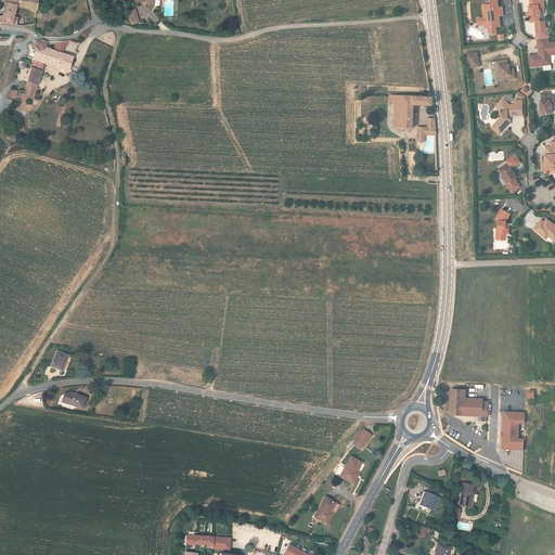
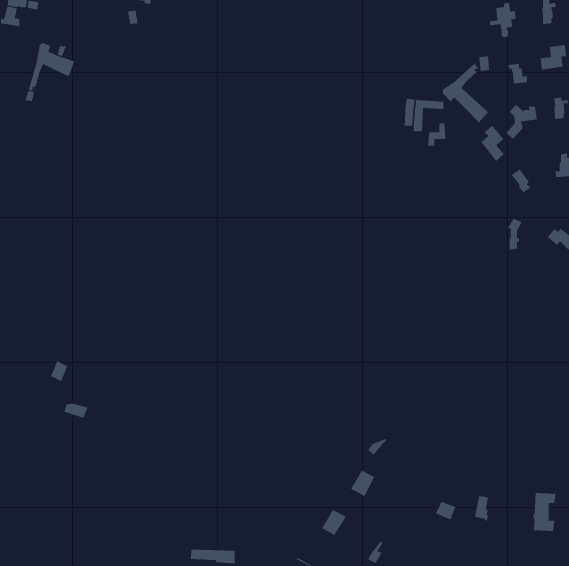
building: none -> [442,63,489,123]
building: none -> [480,125,504,162]
building: [451,385,490,417] -> none
building: [502,409,525,447] -> [533,492,556,531]

